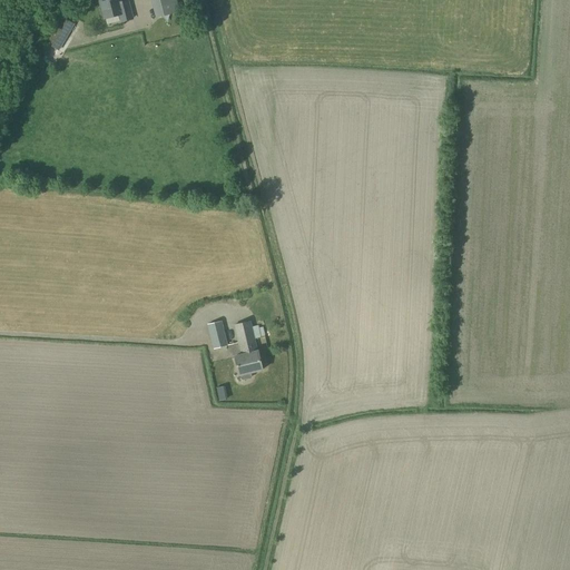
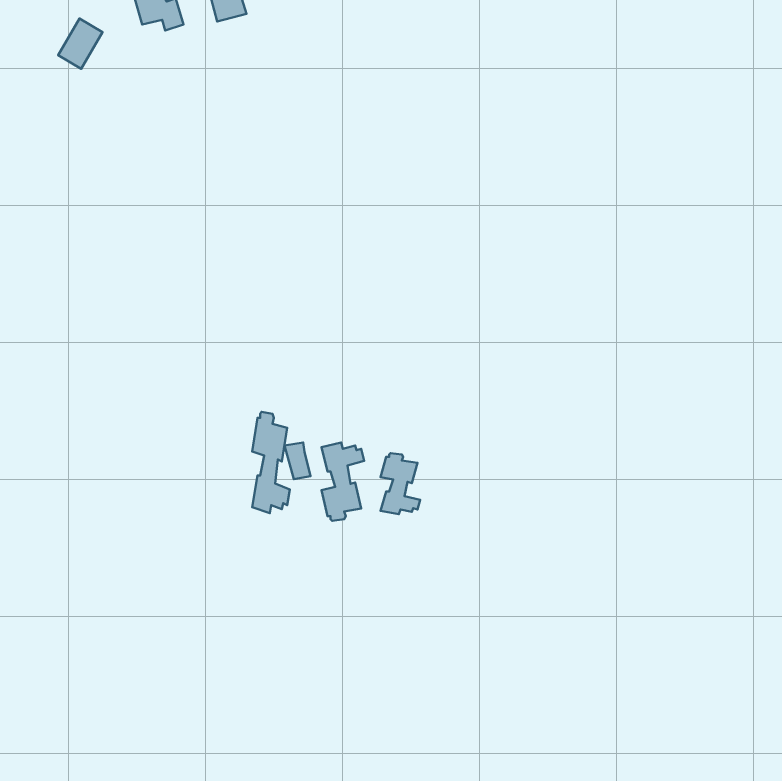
building: none -> [252,412,290,513]
building: none -> [381,453,420,514]

